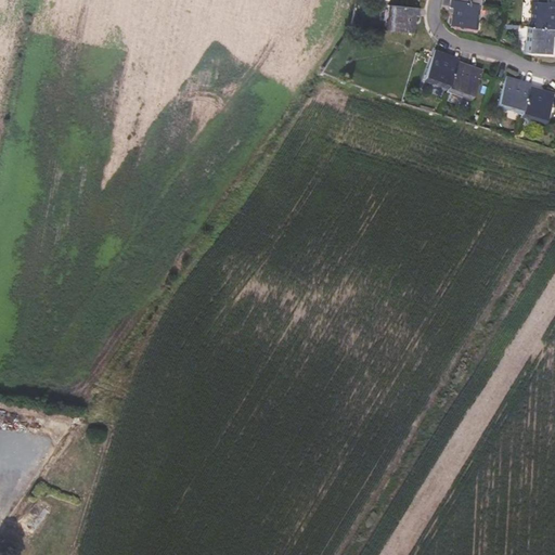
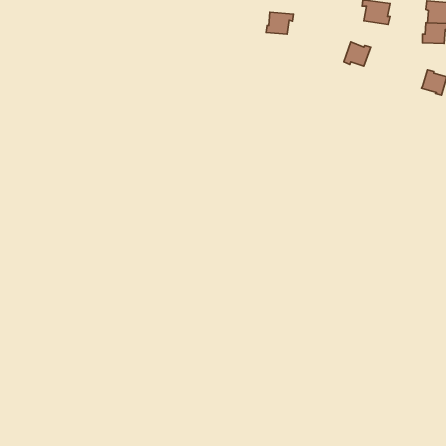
building: [387,5,421,33] -> [266,12,293,34]
building: [451,62,483,98] -> none
building: [500,79,531,107] -> none

